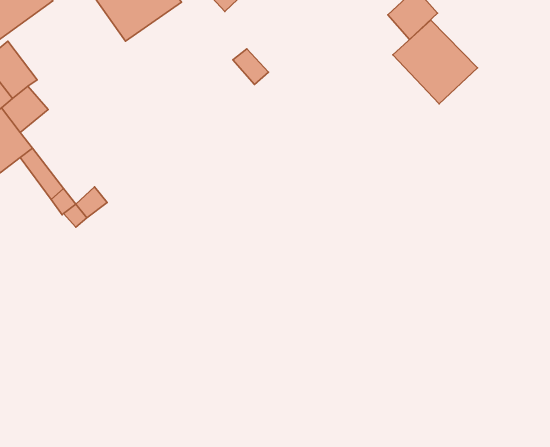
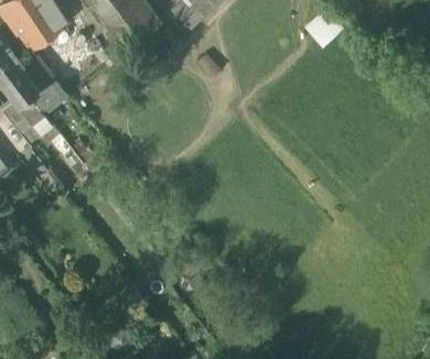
building: [393,20,477,104] -> none

